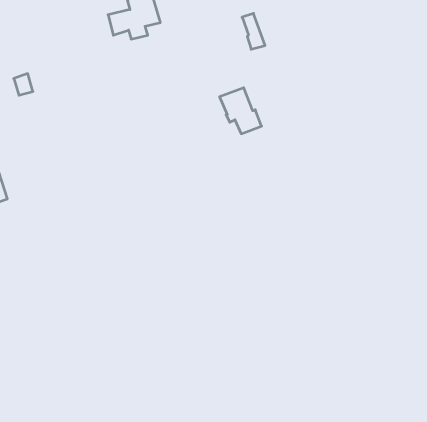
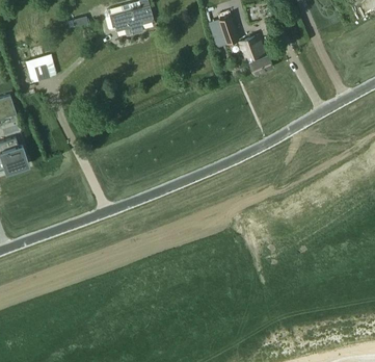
building: [220,88,262,134] -> [239,35,273,73]

